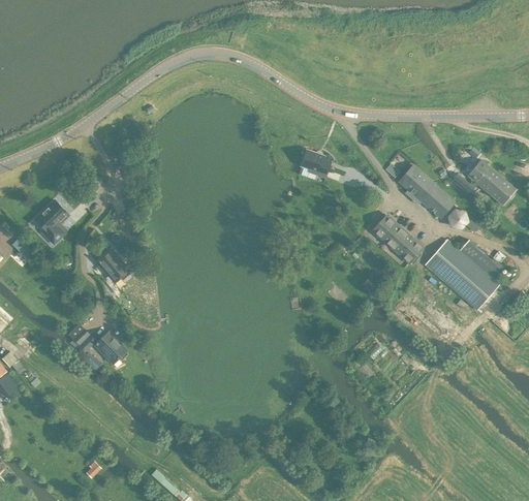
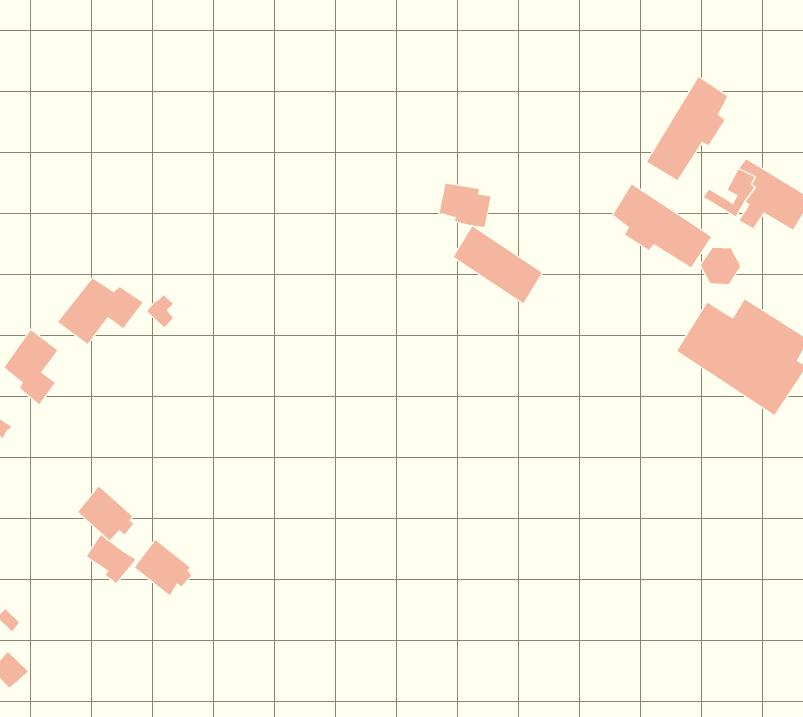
building: none -> [646,76,728,181]
building: none -> [57,277,143,345]
building: [371,213,422,262] -> [453,225,543,304]
building: [96,248,128,281] -> [77,485,134,541]

